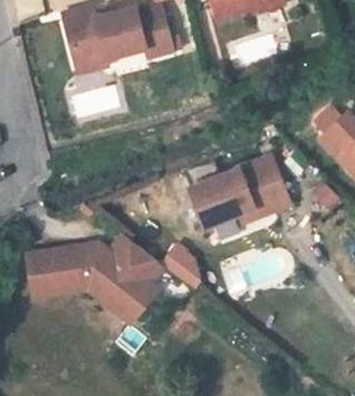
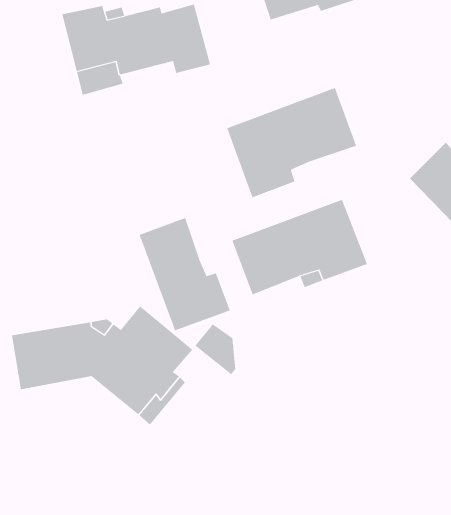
building: none -> [227,87,357,198]
building: none -> [139,217,231,331]

